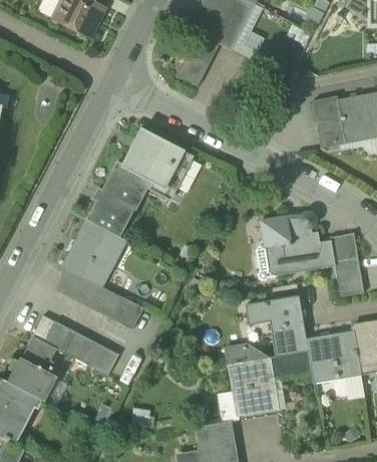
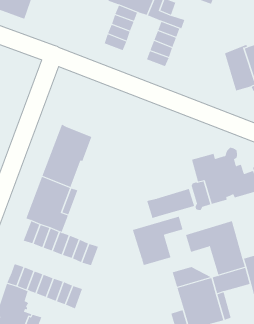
building: [123,131,192,193] -> none
building: none -> [146,188,195,219]
building: none -> [132,216,183,266]

